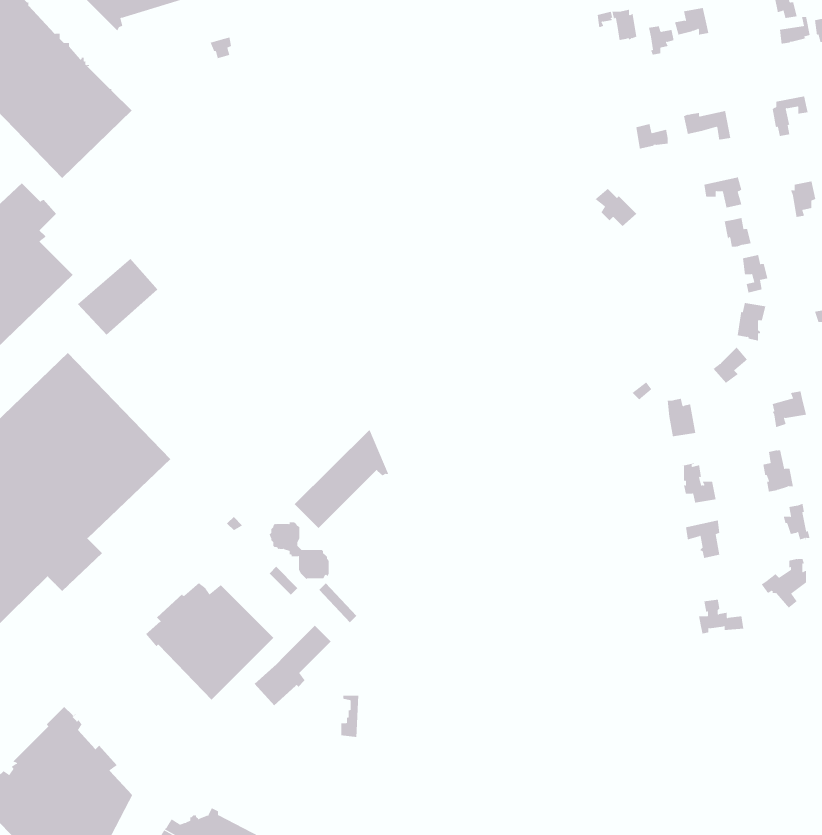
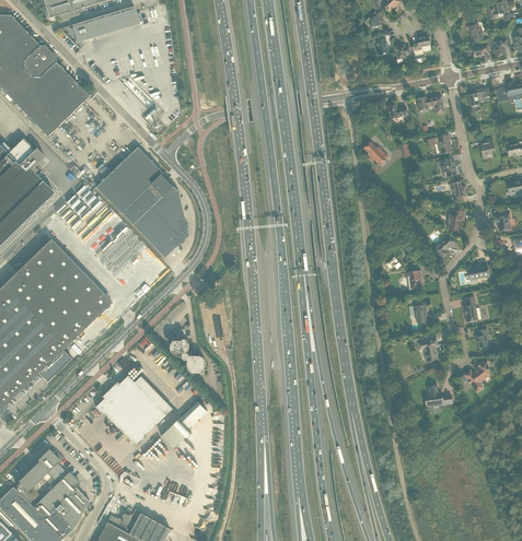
building: none -> [96,146,189,257]
building: [294,428,389,529] -> none

